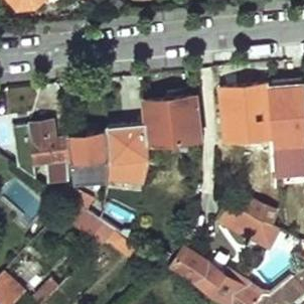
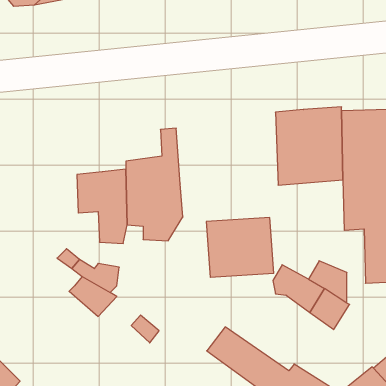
building: [144,97,195,142] -> [206,218,274,277]
building: [14,119,69,184] -> none

